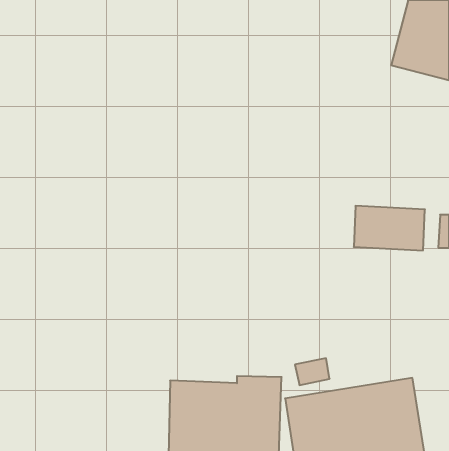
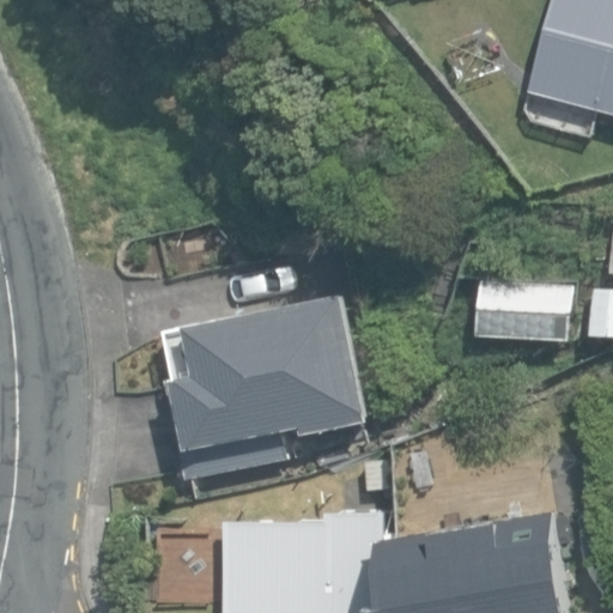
building: none -> [160,293,368,482]

